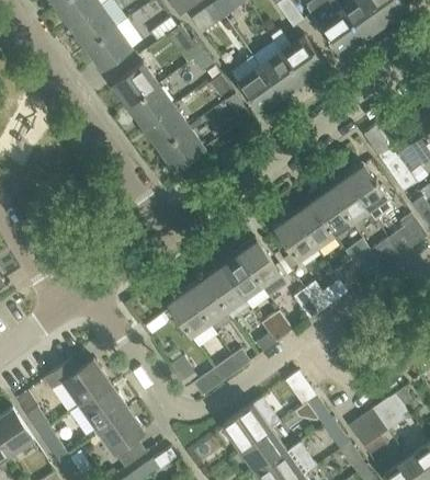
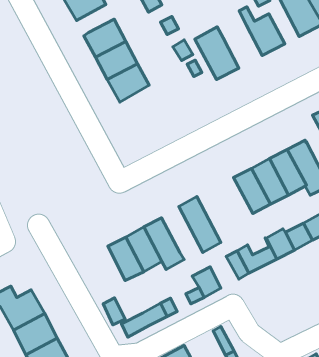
building: [260,52,304,98] -> none
building: [160,128,205,171] -> none
building: [274,214,316,262] -> none
building: [220,252,269,300] -> none

